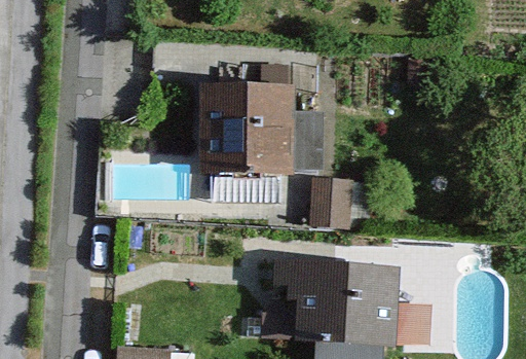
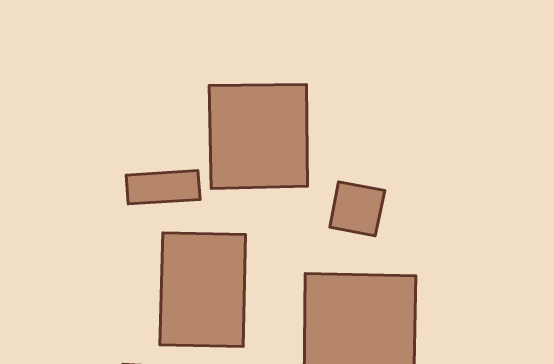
building: none -> [160,233,245,346]

